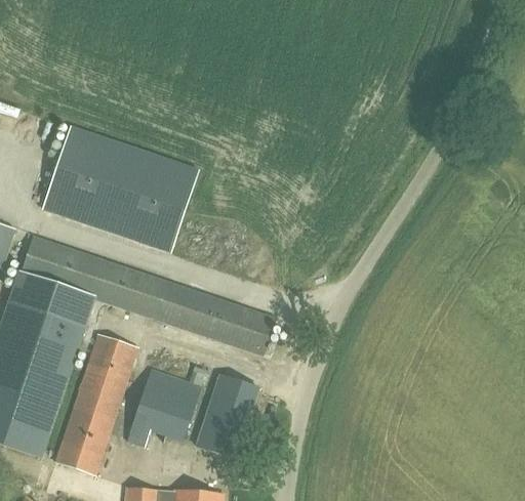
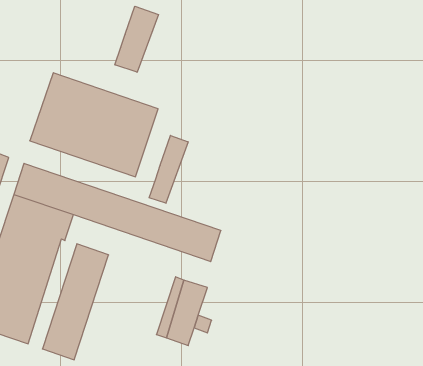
building: none -> [115,6,158,72]
building: none -> [149,135,188,203]
building: [128,369,201,446] -> none

